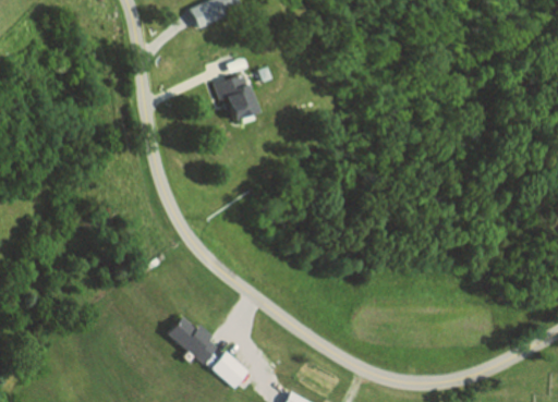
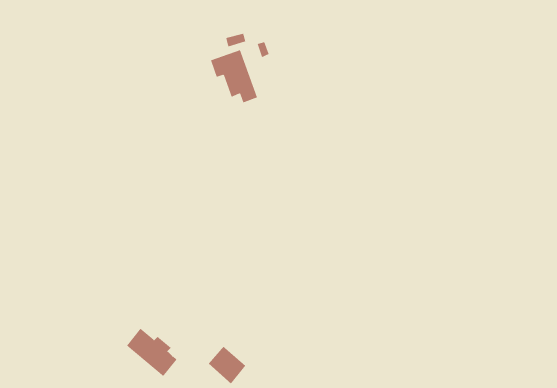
building: [171,318,219,364] -> [126,328,177,377]

